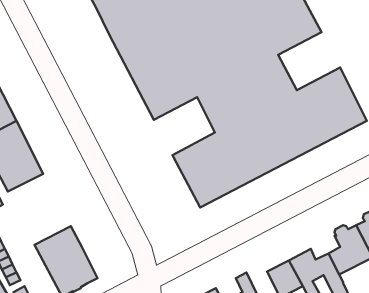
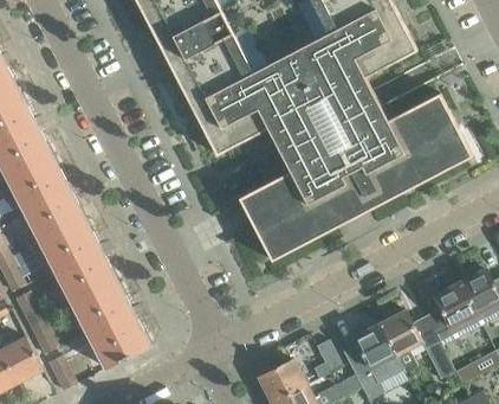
building: none -> [41,220,117,306]

